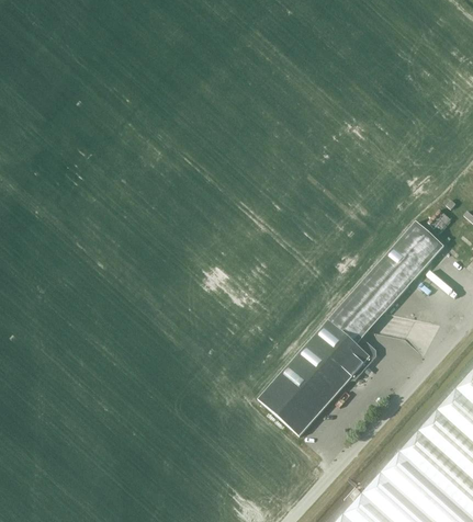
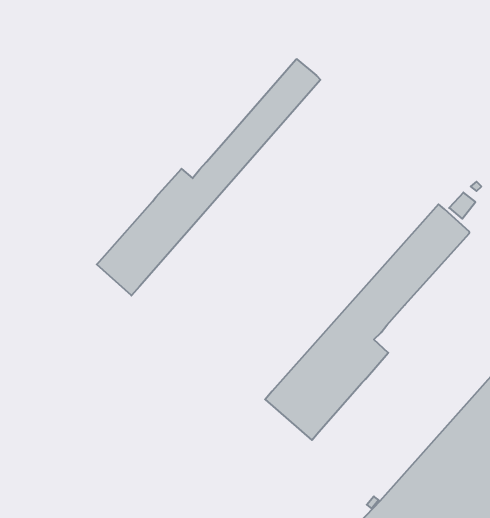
building: none -> [97,59,320,296]

